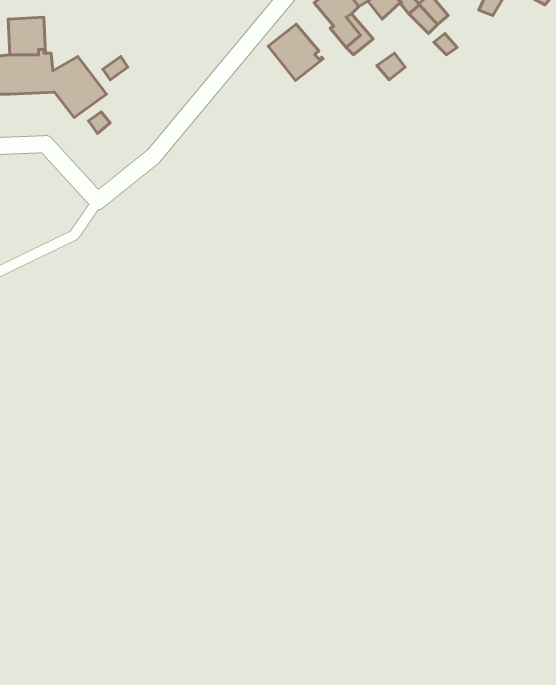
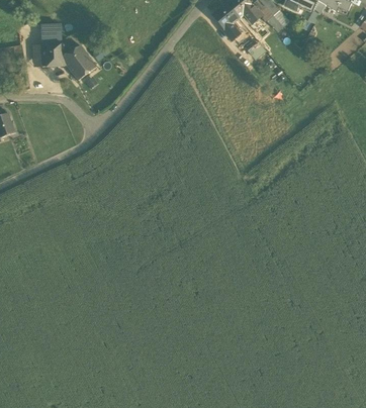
building: [268,24,323,81] -> none

